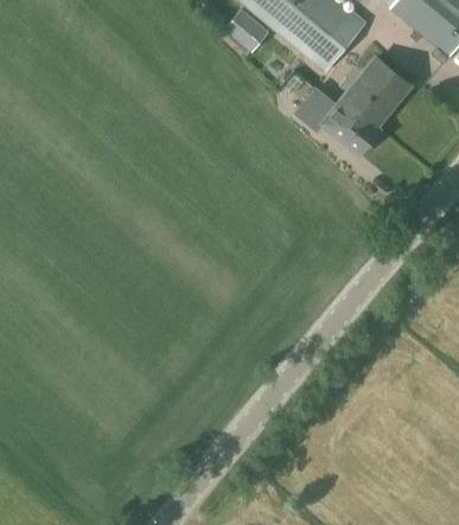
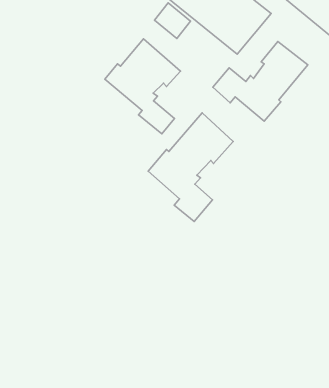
building: none -> [105,39,180,134]
building: none -> [148,113,233,221]

